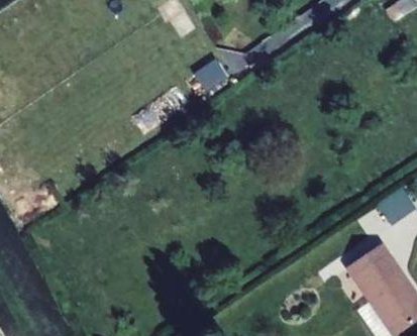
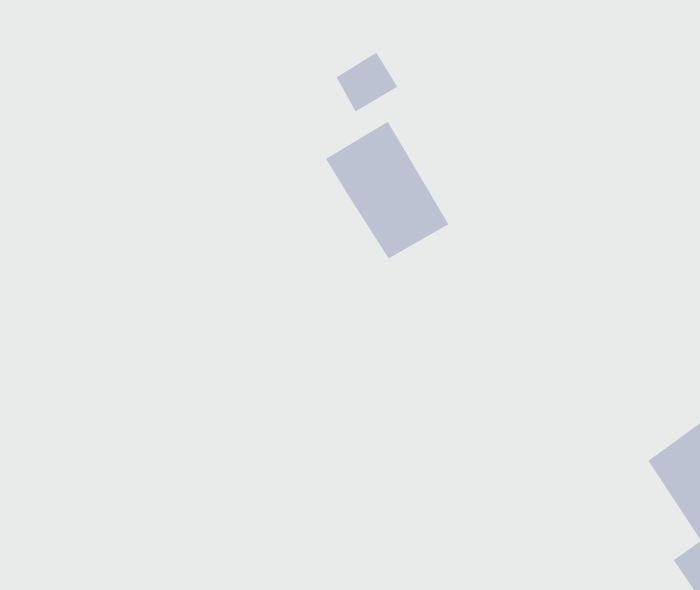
building: none -> [325,121,449,259]

